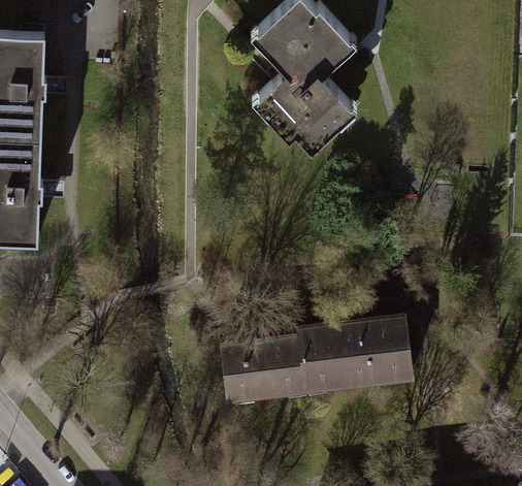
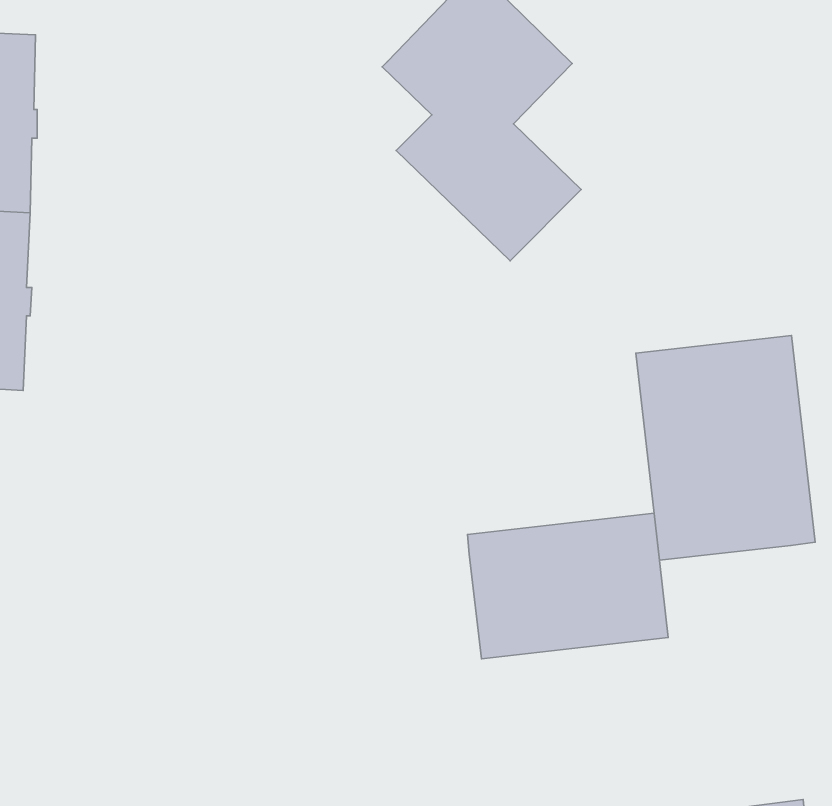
building: none -> [636,335,815,560]
building: [219,336,303,407] -> none

